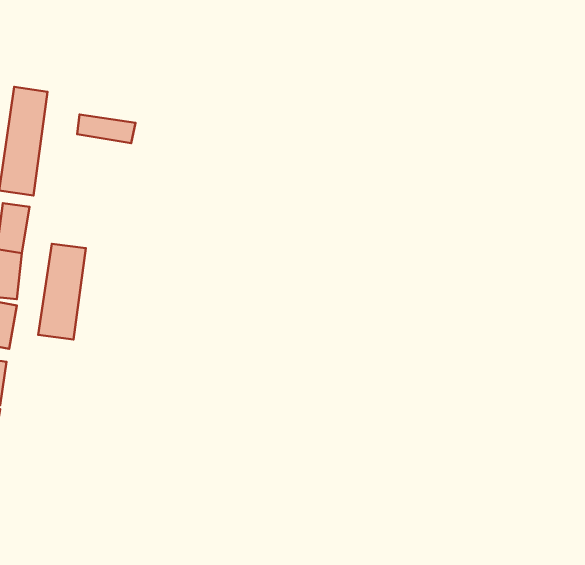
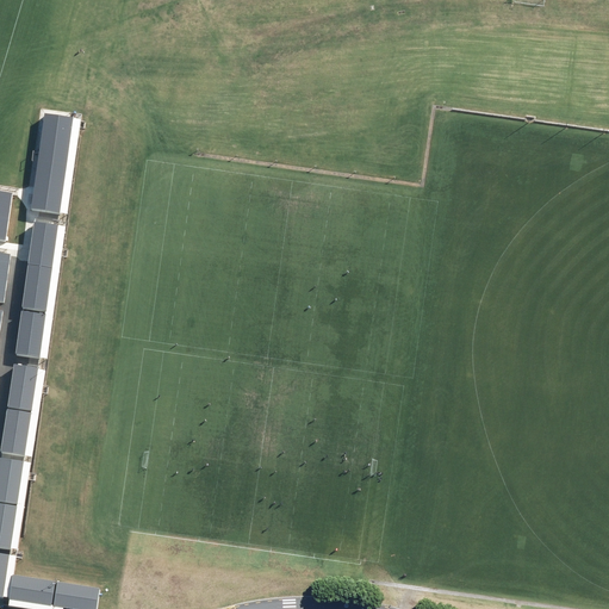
building: [77,114,135,143] -> none
building: [38,244,86,340] -> none

